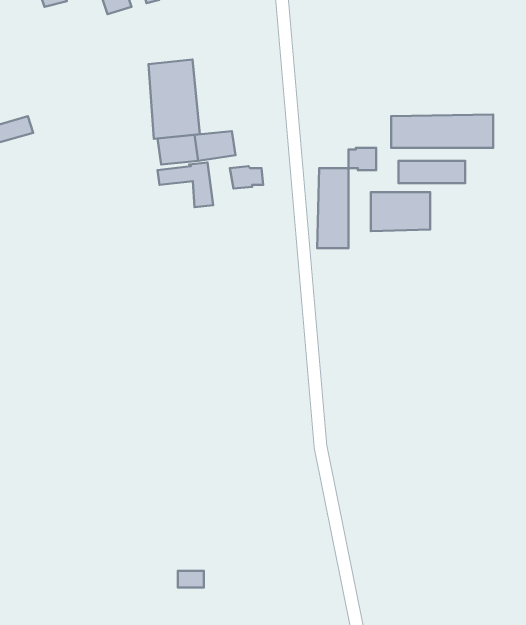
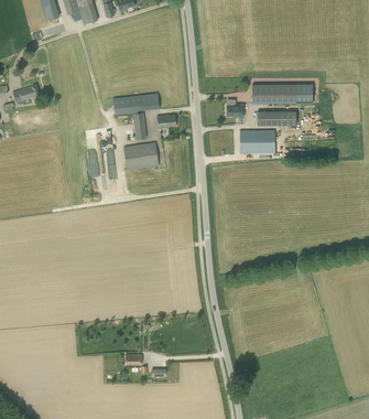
building: [148,60,200,139] -> none
building: [317,168,348,248] -> none
building: none -> [123,142,160,170]

